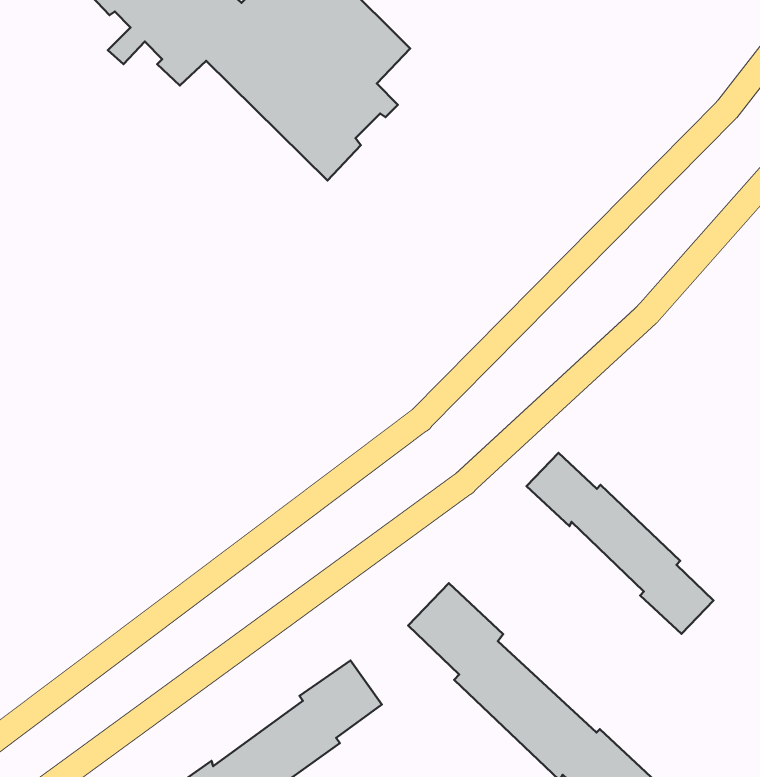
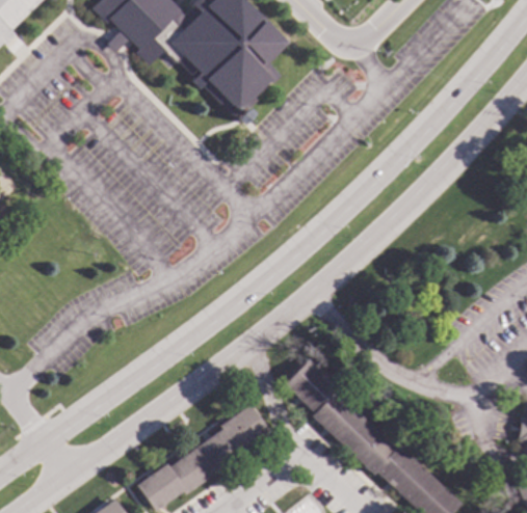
building: [527,453,713,634] -> none

